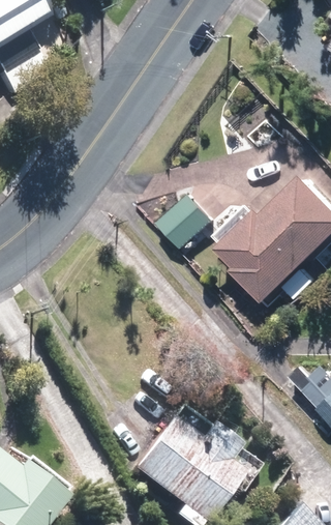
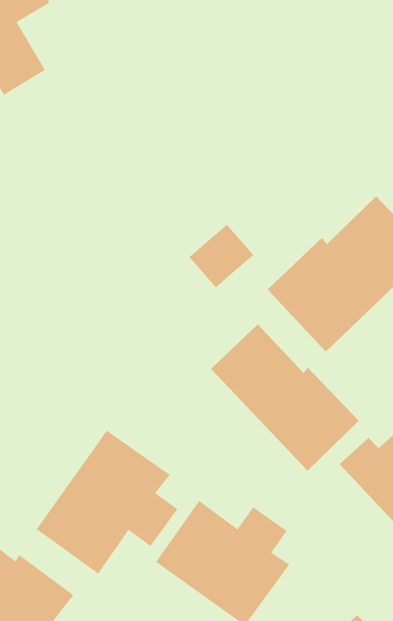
building: none -> [210,324,360,471]
building: none -> [36,430,178,574]

